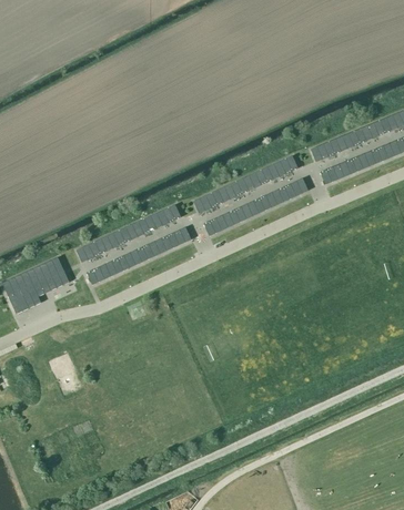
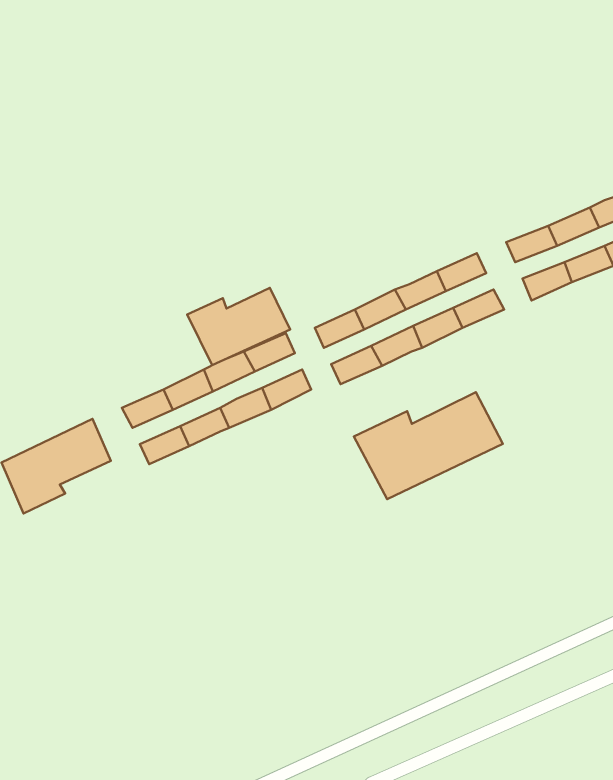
building: none -> [187,288,290,365]
building: none -> [354,392,503,499]

